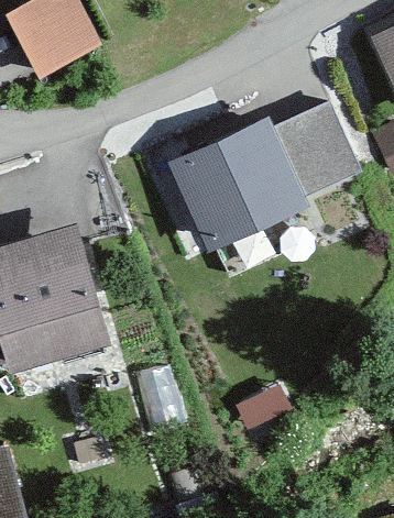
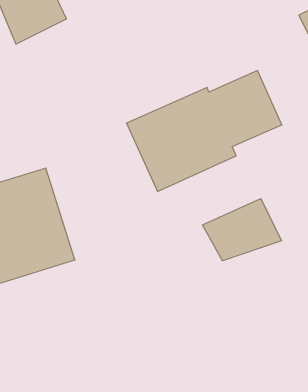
building: none -> [203,199,282,261]

